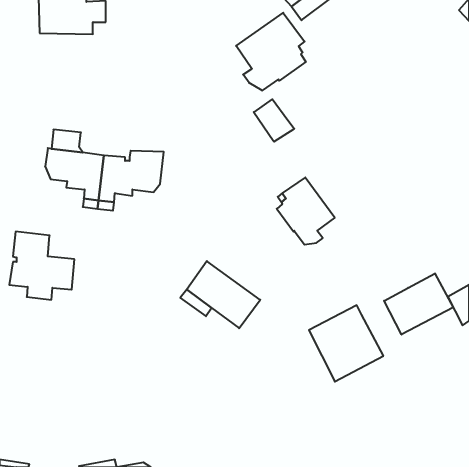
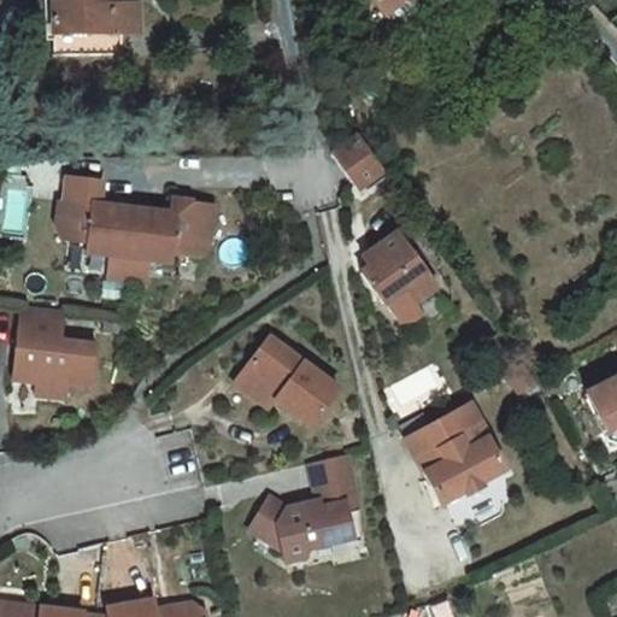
building: [236,13,306,91] -> none
building: [384,273,453,335] -> none
building: none -> [252,460,362,568]

